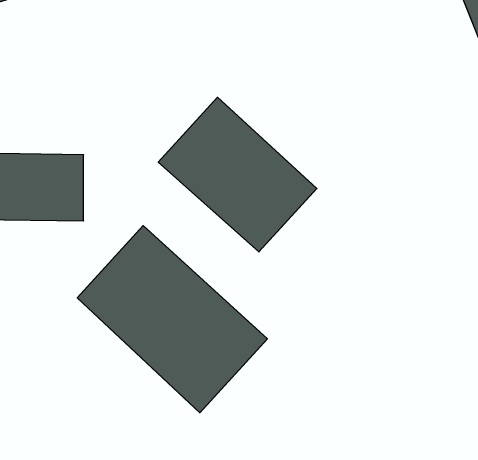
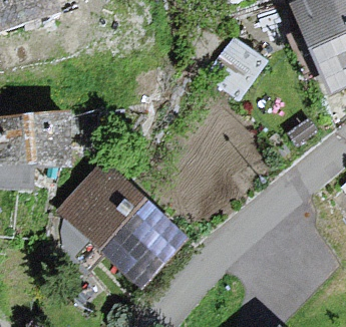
building: [158,97,317,252] -> none

